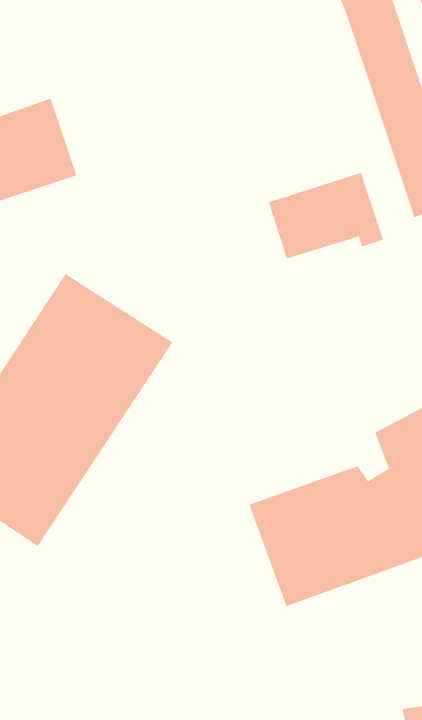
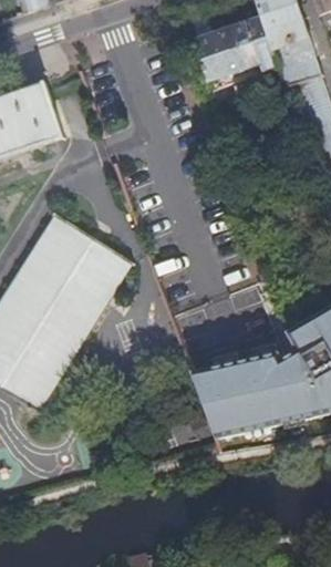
building: [268,172,384,259] -> [195,14,280,79]

